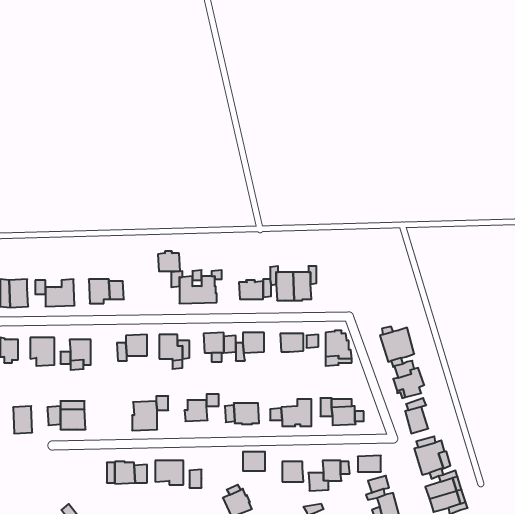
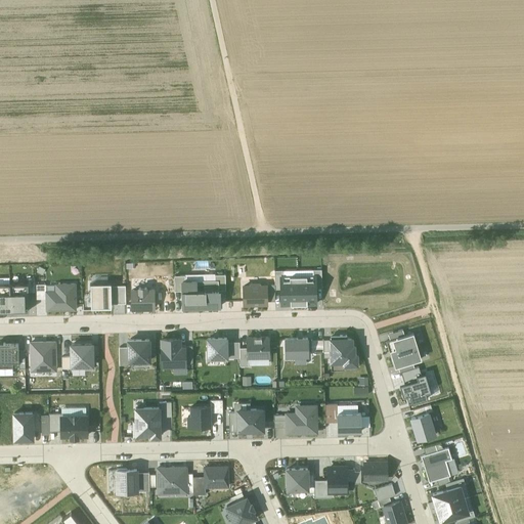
building: [158,251,180,271] -> [132,289,155,309]
building: [243,452,265,471] -> [205,468,227,487]

